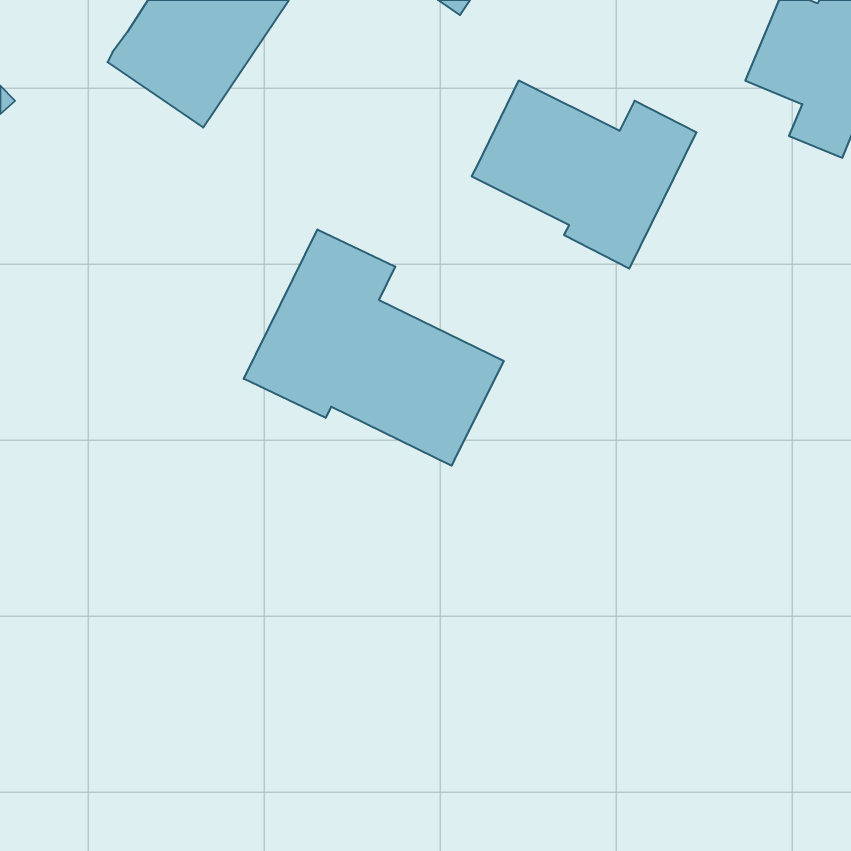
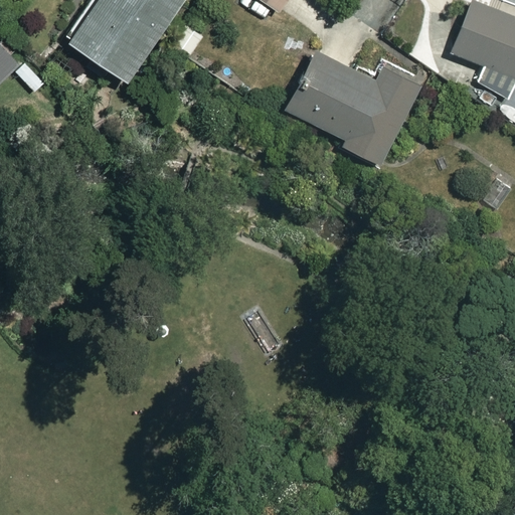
building: [244,229,504,466] -> none

